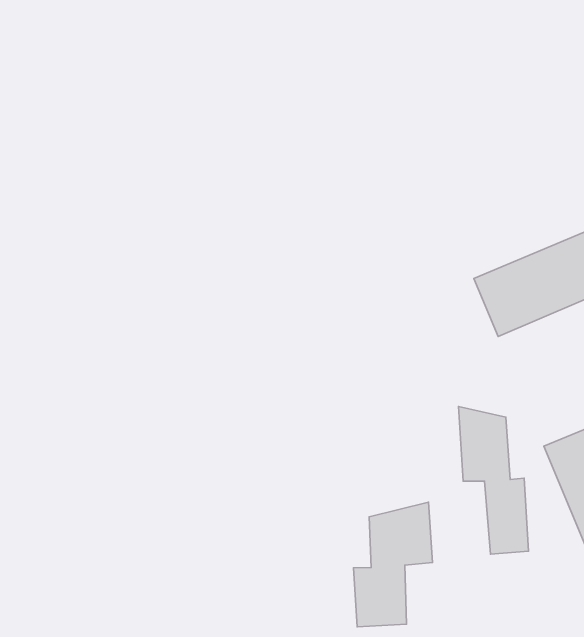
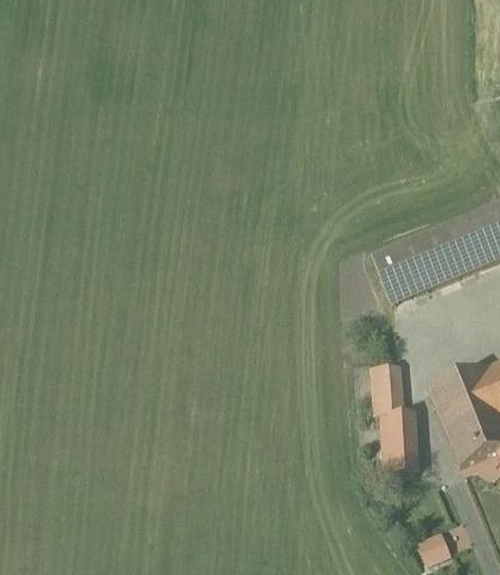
building: [353,502,432,627] -> none

